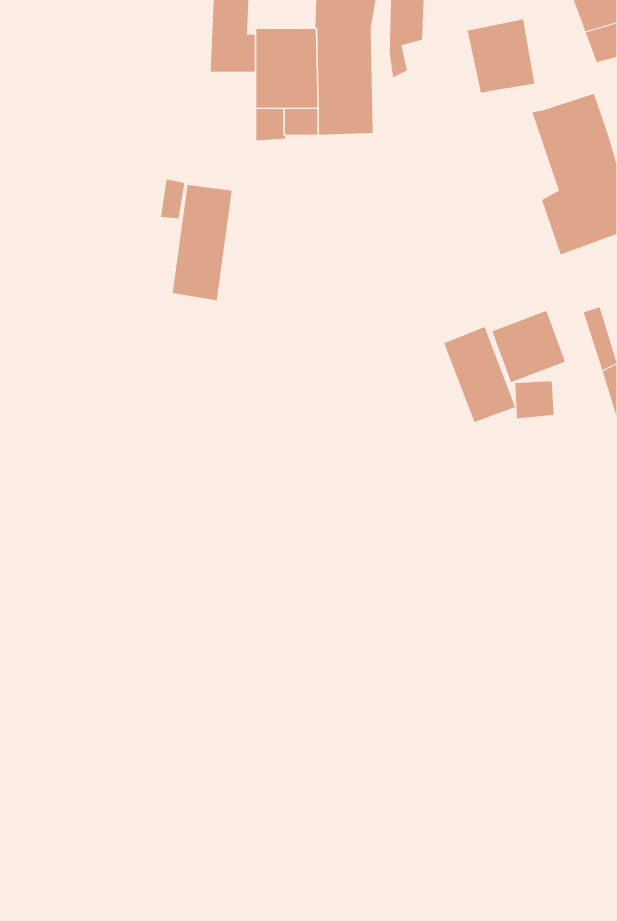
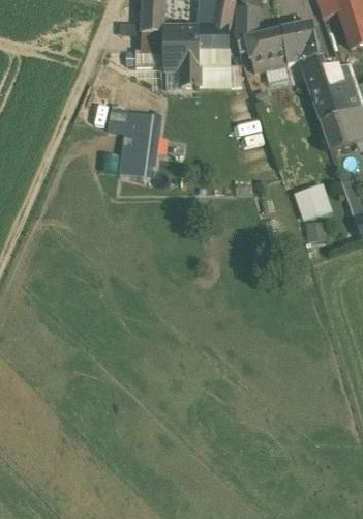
building: none -> [245,27,288,69]
building: none -> [299,57,330,120]
building: [444,326,516,423] -> none

